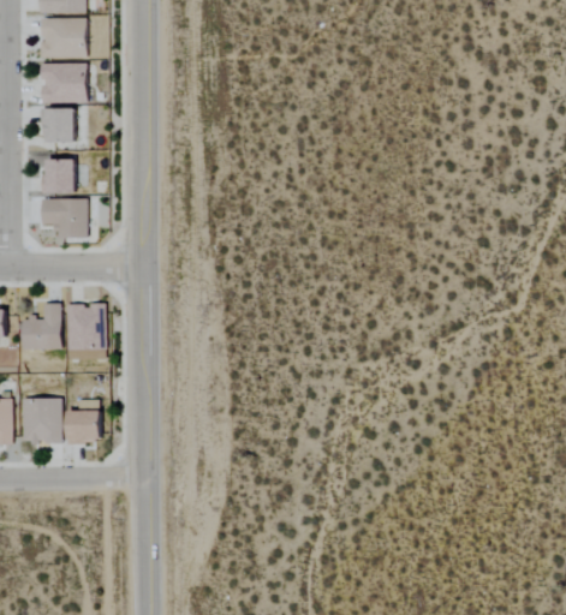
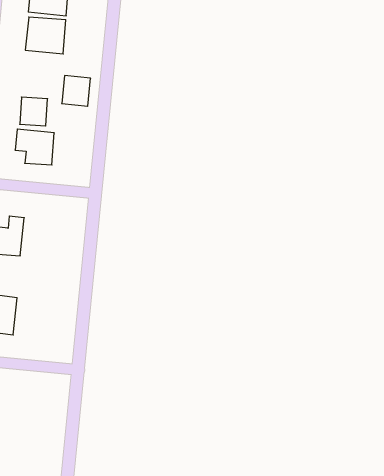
building: [42,108,73,142] -> [62,76,91,106]
building: [65,304,106,359] -> none
building: [66,400,100,443] -> none

